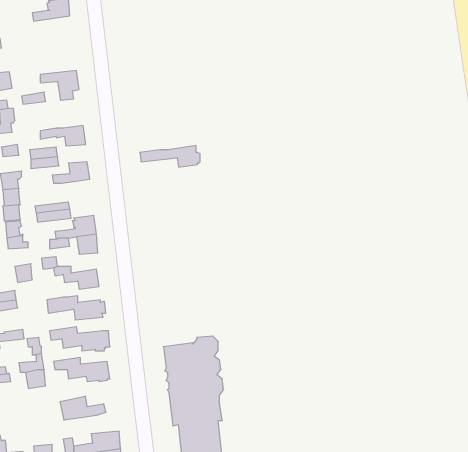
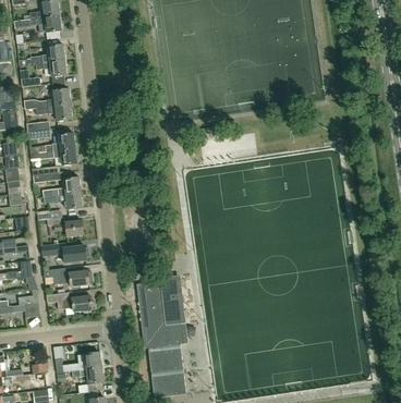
building: none -> [13,14,61,32]
building: none -> [17,44,64,64]
building: none -> [23,82,70,109]
building: [140,146,200,167] -> [29,147,78,164]
building: [60,396,106,420] -> none

